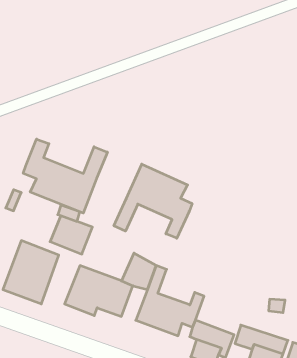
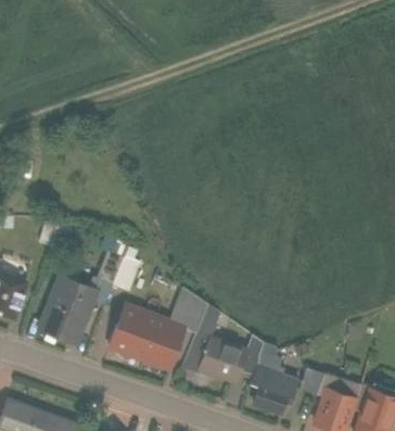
building: [23,139,107,213] -> none
building: [114,164,192,238] -> none

